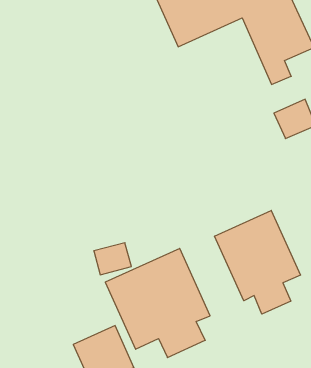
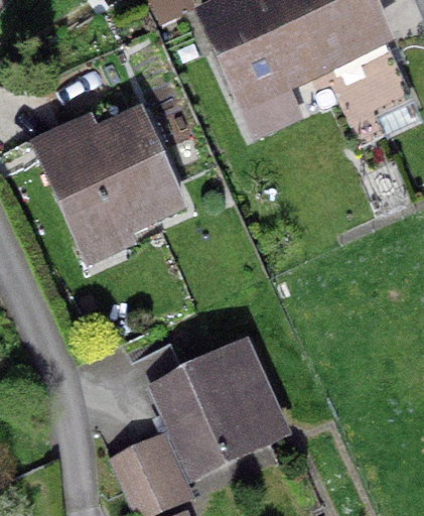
building: none -> [40,110,180,243]
building: [215,210,301,314] -> none

